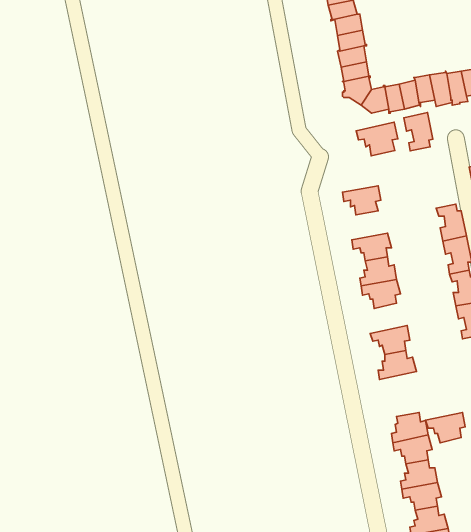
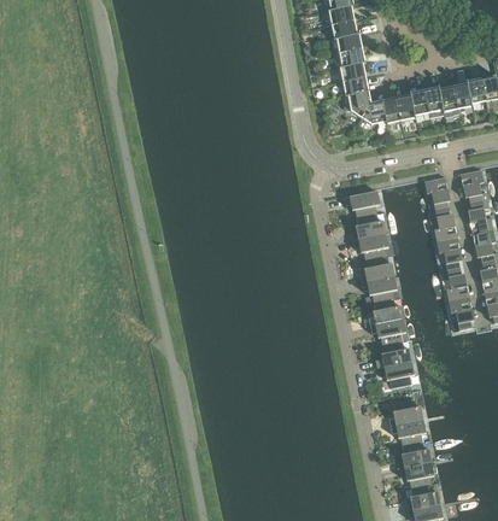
building: [404,113,433,151] -> [424,176,451,211]
building: [356,122,398,156] -> none
building: none -> [352,213,386,240]
building: none -> [369,298,404,326]
building: [426,412,465,443] -> [379,361,415,388]

